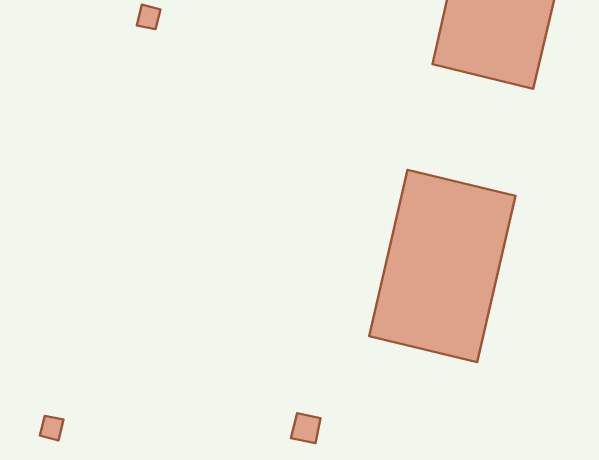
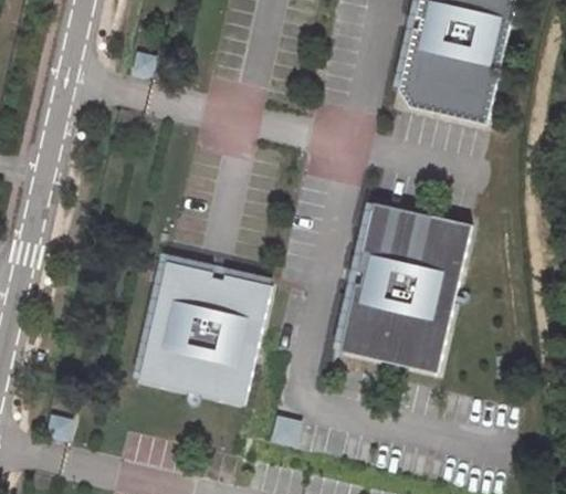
building: none -> [137,260,271,403]

